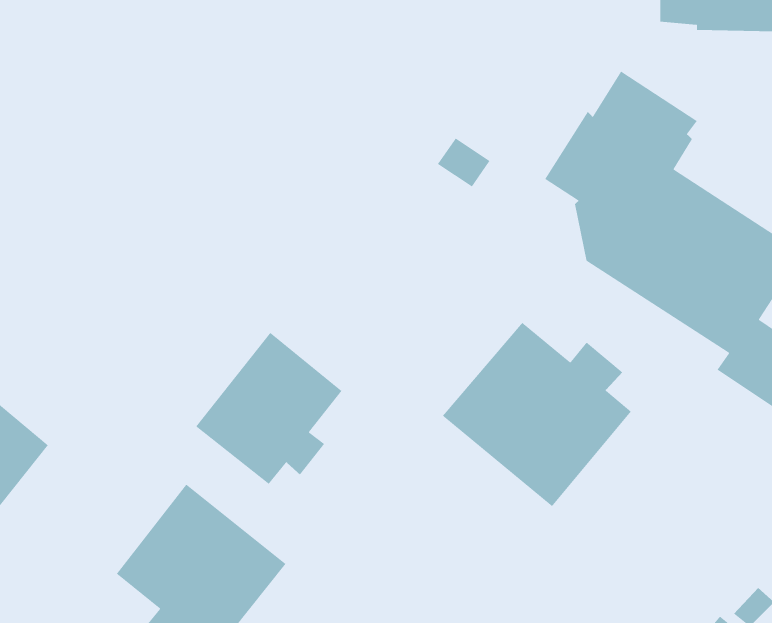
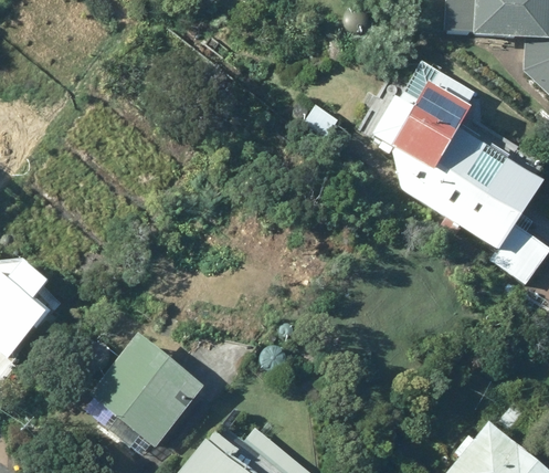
building: [442,322,632,507] -> none
building: [195,332,342,485] -> none

